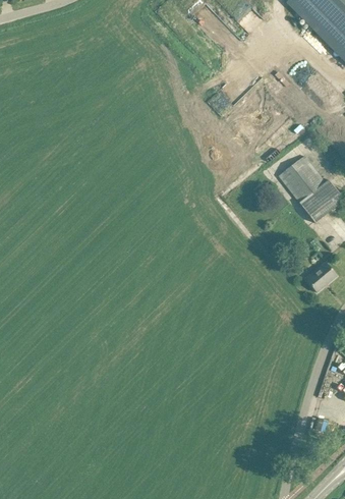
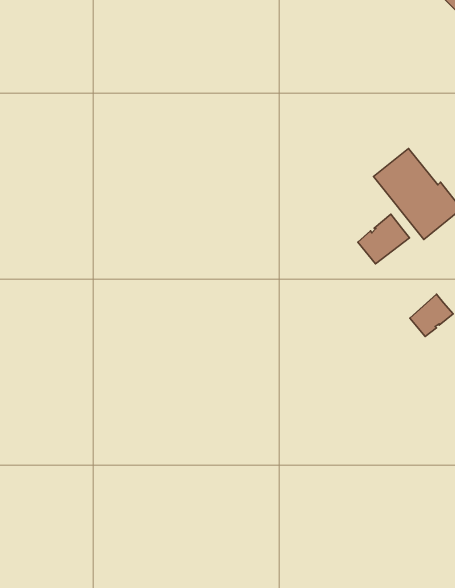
building: none -> [358,214,410,264]

